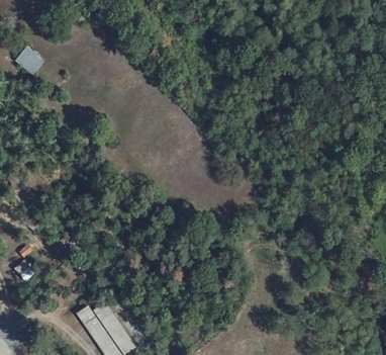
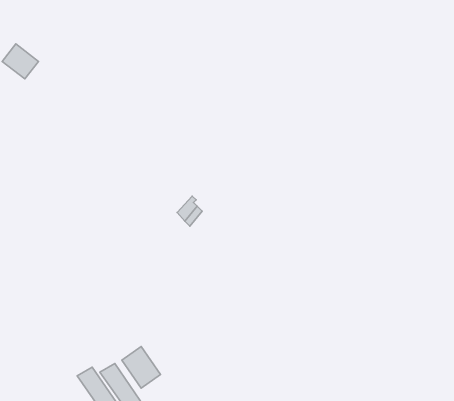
building: none -> [122,346,161,388]

